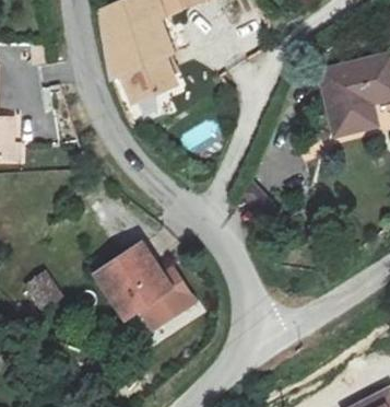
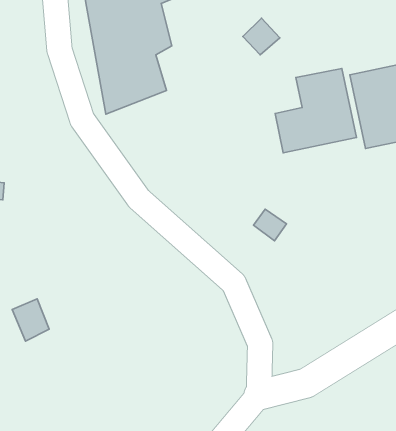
building: none -> [275,69,357,153]
building: [107,252,177,318] -> none

